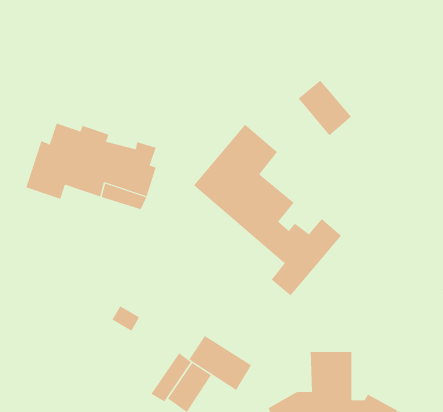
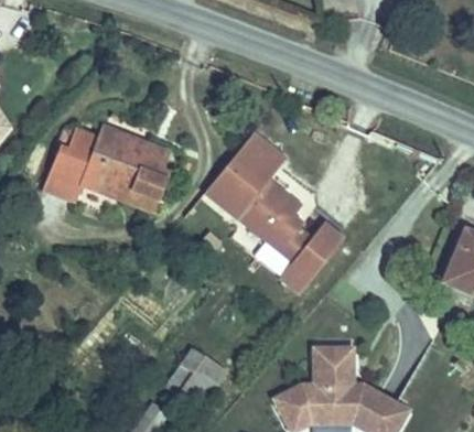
building: [298,80,352,136] -> none
building: [189,335,252,391] -> none

